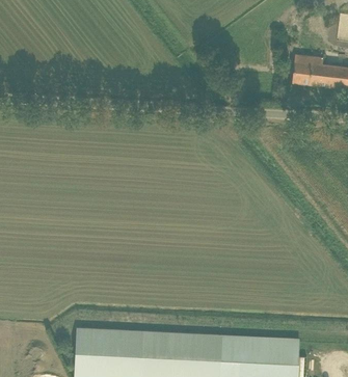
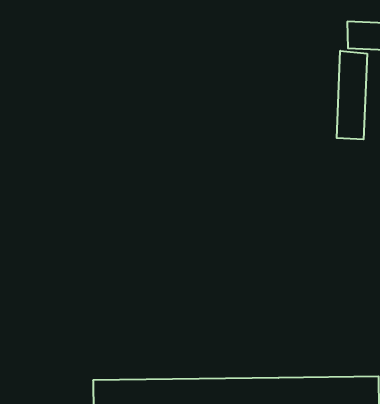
building: none -> [337,51,367,139]

